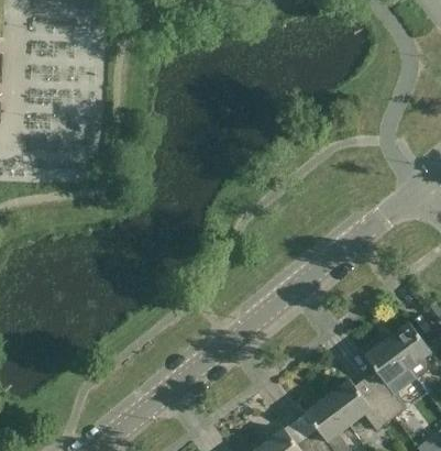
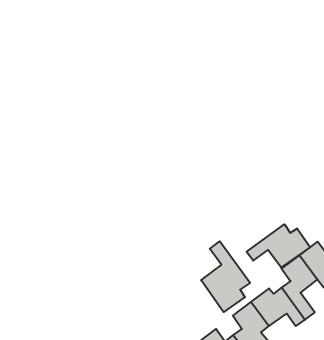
building: none -> [247,224,310,268]
building: none -> [201,241,250,312]

